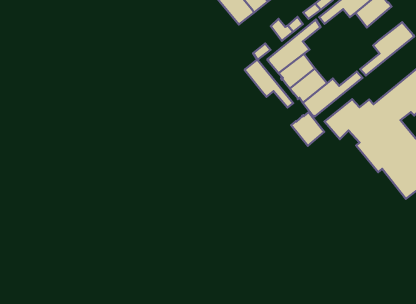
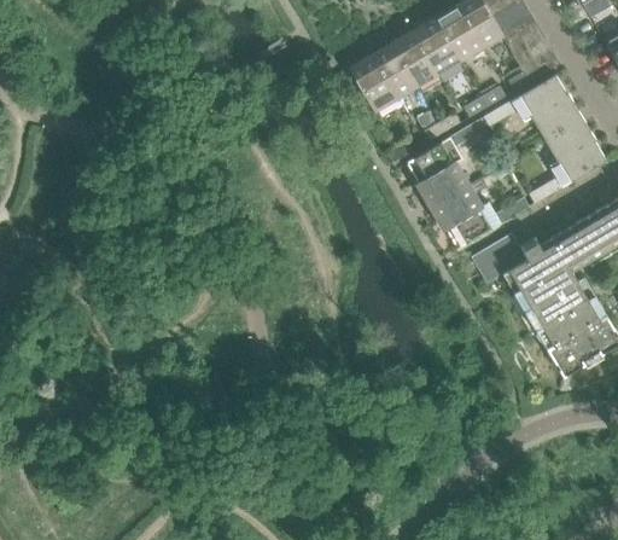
building: none -> [546,116,594,159]
building: [245,60,293,108] -> none
building: [291,112,324,146] -> none

